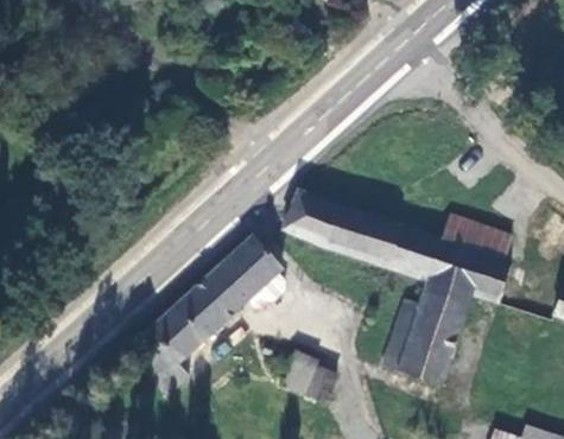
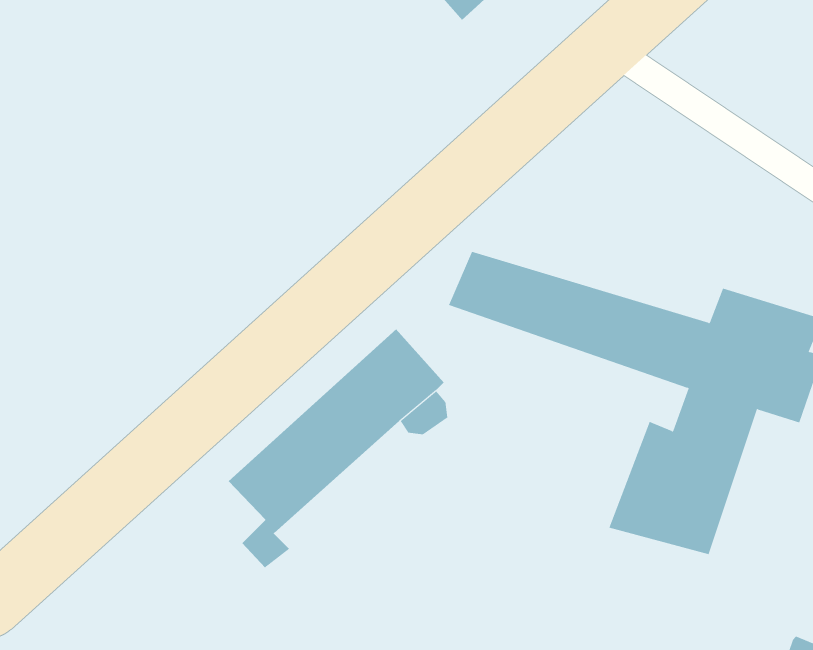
building: [284,351,337,397] -> none

